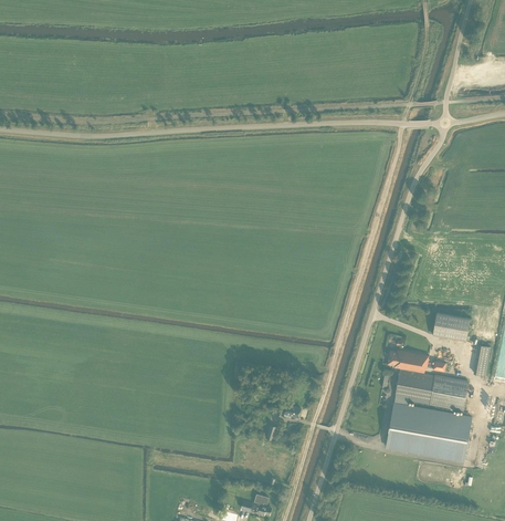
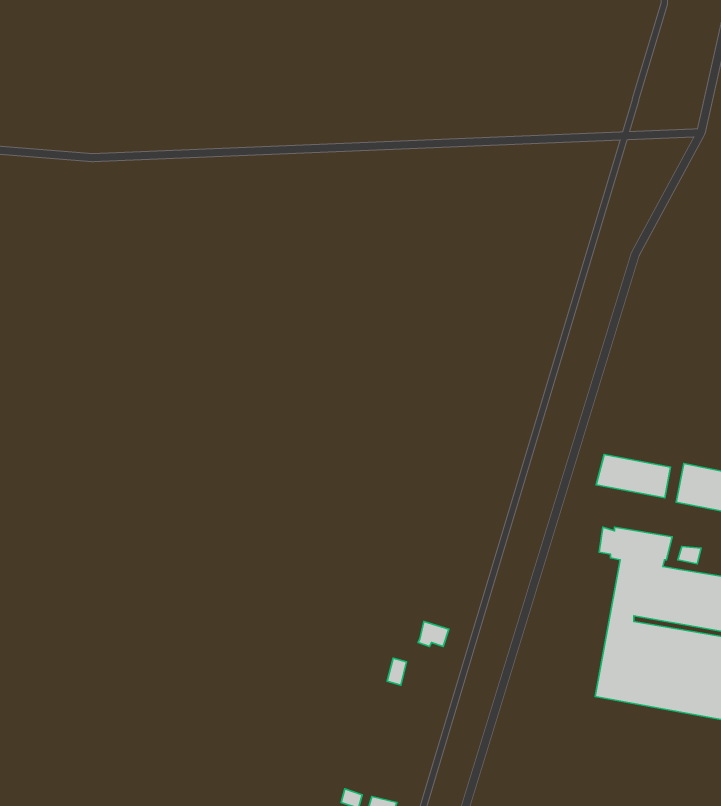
building: none -> [596,455,671,498]

